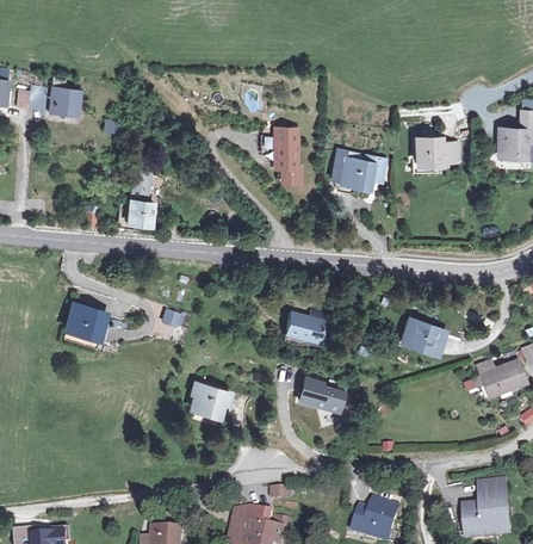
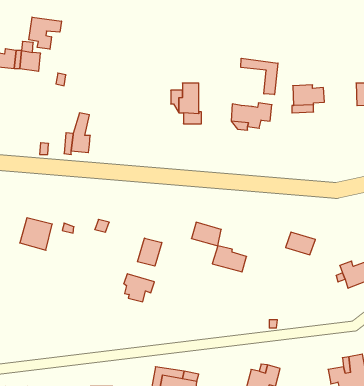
building: none -> [29,17,61,49]
building: none -> [241,58,278,95]
building: none -> [137,238,162,266]
building: [297,379,342,414] -> [212,246,247,272]

